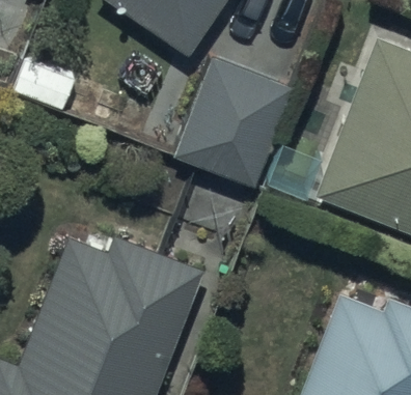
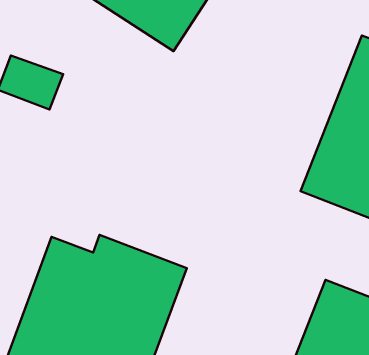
building: [175,58,293,188] -> none

